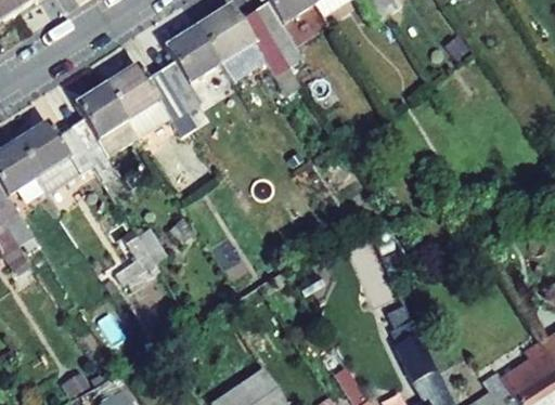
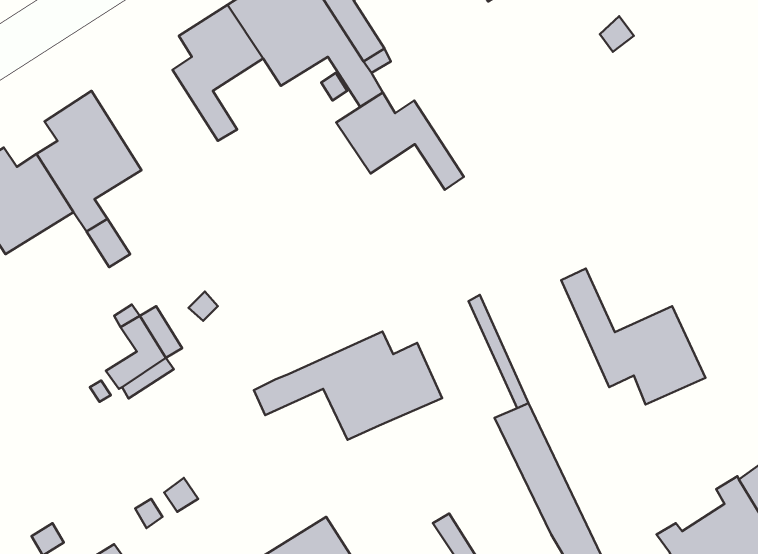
building: [105,63,196,135] -> none
building: none -> [336,92,464,190]
building: none -> [561,268,705,404]
building: none -> [254,331,442,440]

